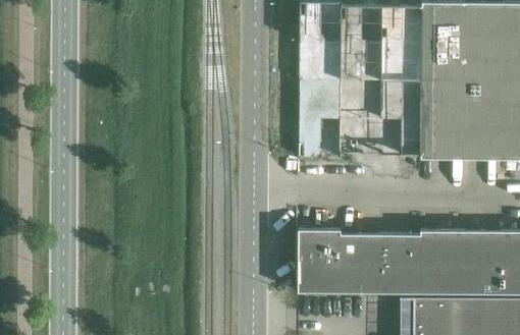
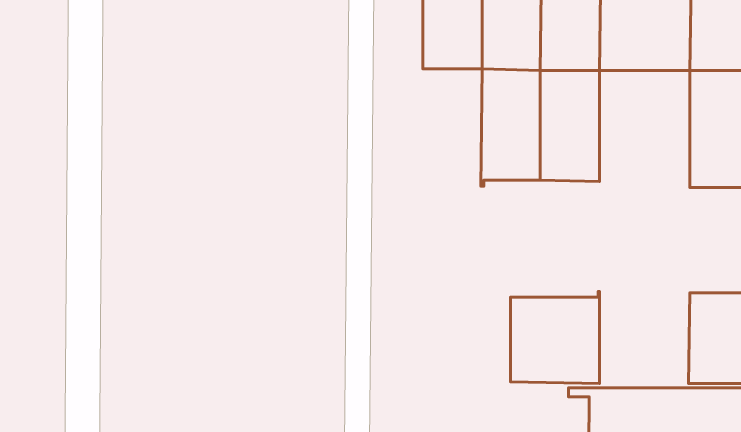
building: [298,77,340,158] -> none
building: [420,78,482,159] -> none
building: [297,229,359,292] -> none
building: [420,230,482,293] -> none

